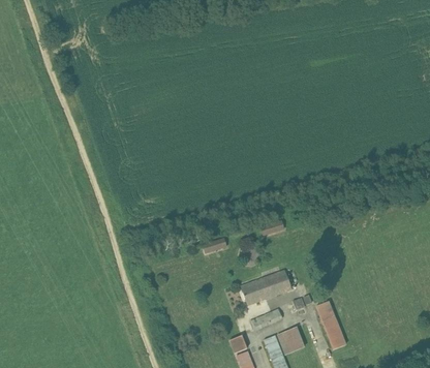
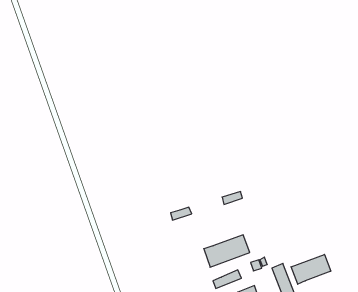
building: none -> [291,254,331,284]

